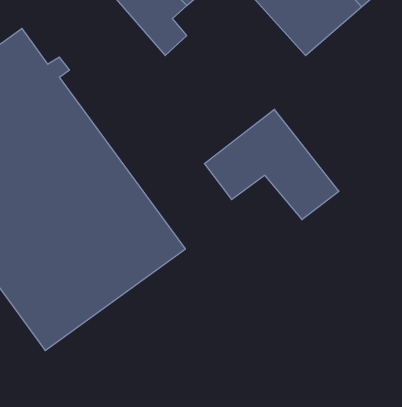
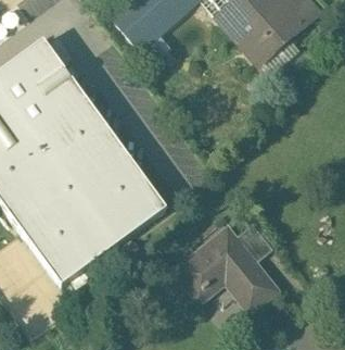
building: [204,109,339,220] -> [177,226,279,310]

